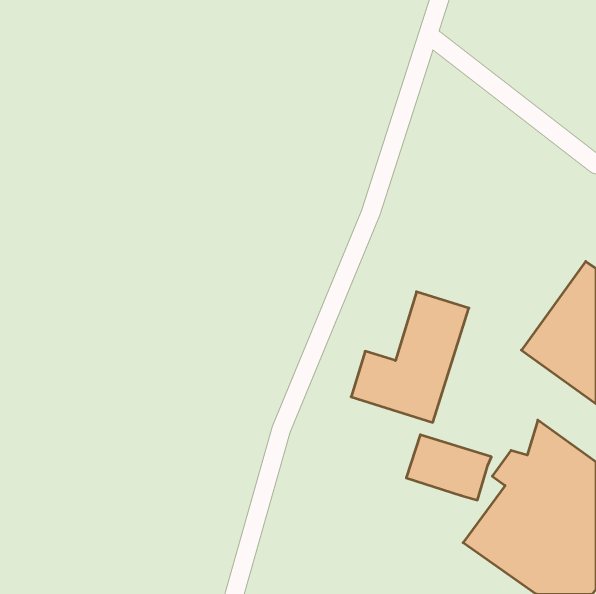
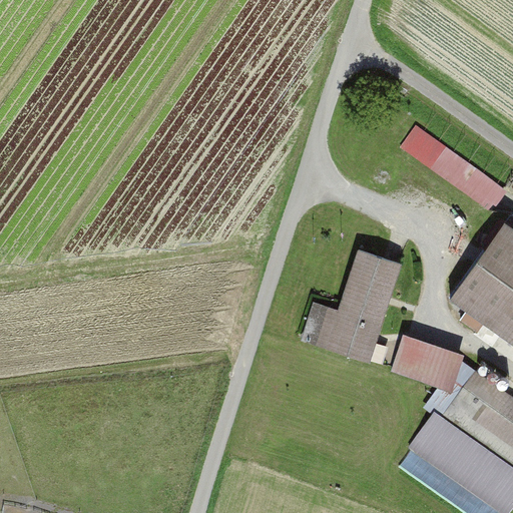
building: none -> [401,124,506,210]
building: [406,435,491,500] -> [392,335,465,391]

